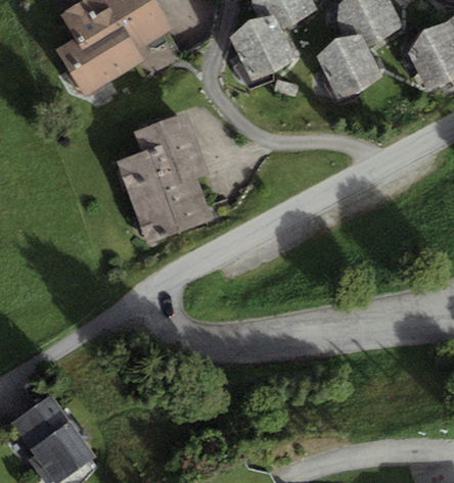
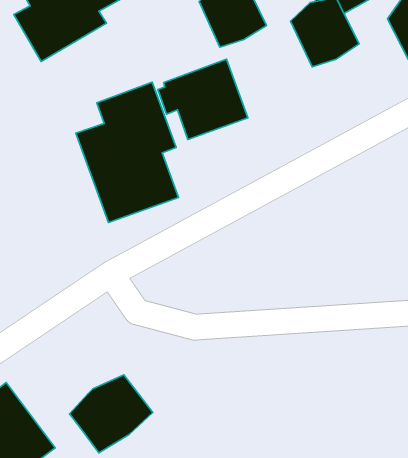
building: none -> [158,59,248,139]
building: none -> [69,375,153,453]

